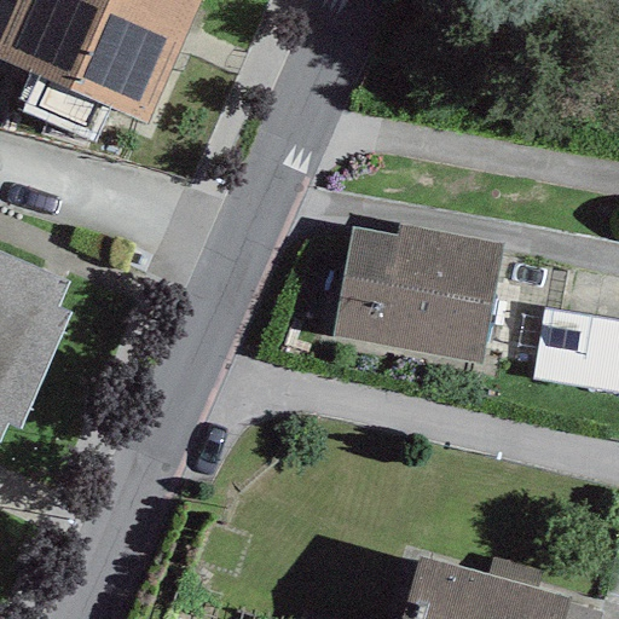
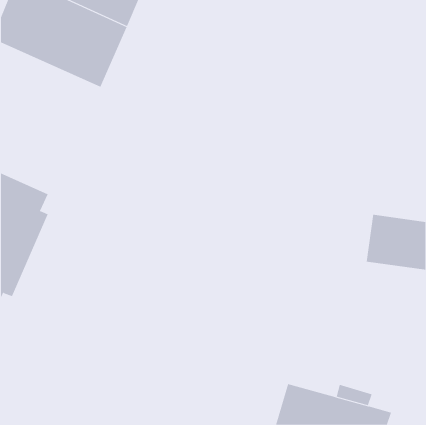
building: [331,222,502,363] -> none

